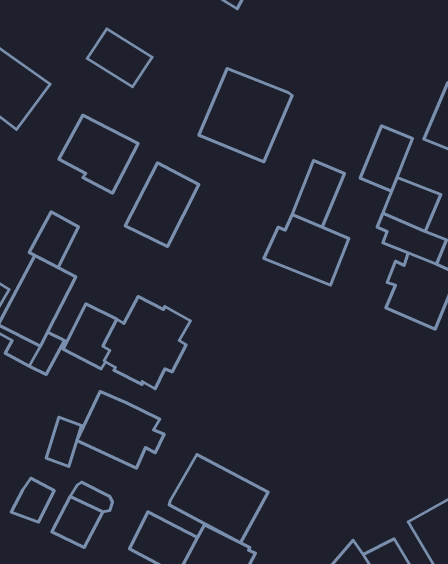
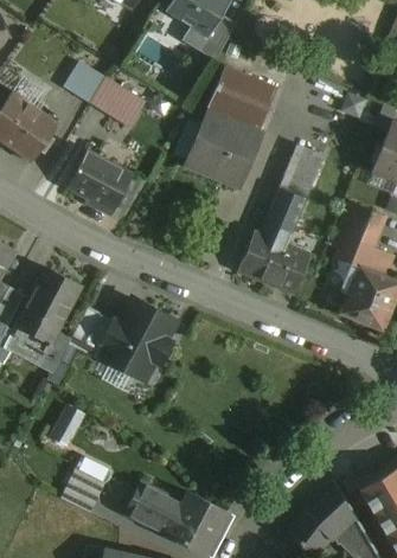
building: none -> [64,62,107,103]
building: none -> [207,70,275,132]
building: [360,126,413,191] -> [280,145,324,199]
building: [125,163,199,247] -> none
building: [29,212,79,267] -> none
building: [77,392,164,468] -> none
building: [169,454,268,543] -> none
building: [11,478,54,522] -> none

